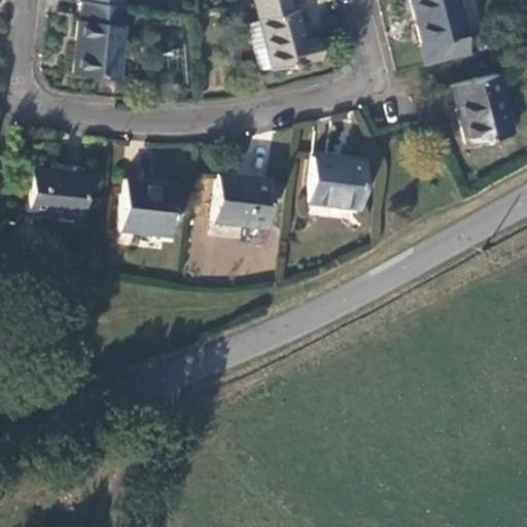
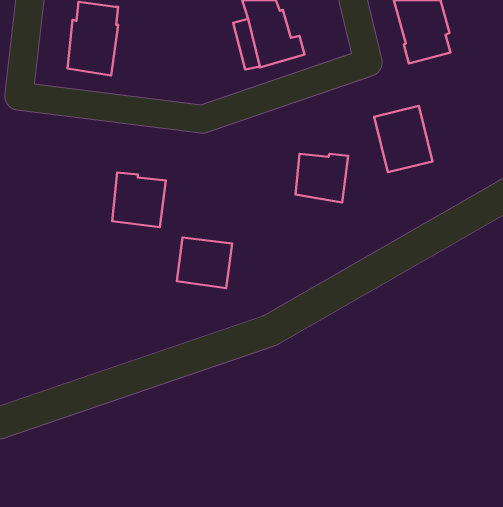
building: [454,74,515,143] -> [374,106,433,172]
building: [27,169,82,218] -> none
building: [213,174,271,226] -> [177,238,232,288]

